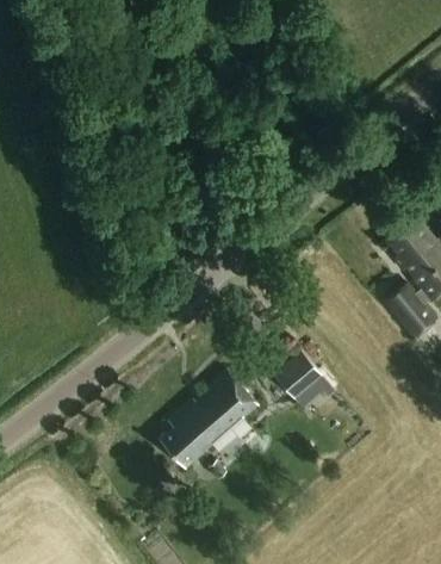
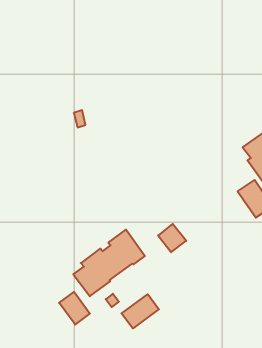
building: none -> [121,294,159,328]
building: none -> [59,292,90,325]

